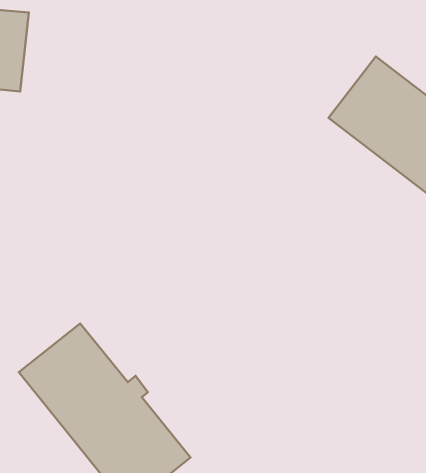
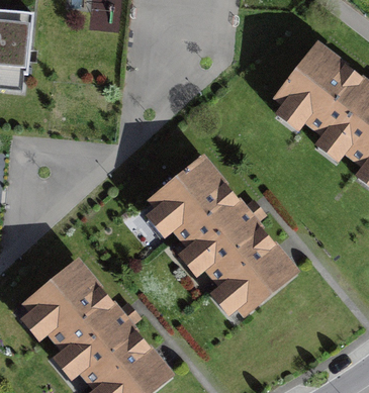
building: none -> [148,162,289,309]

